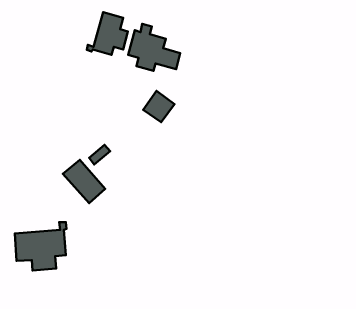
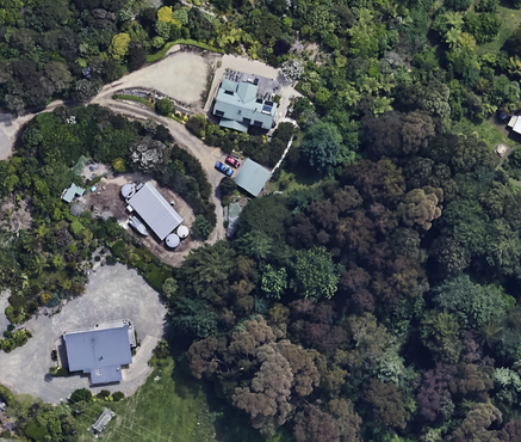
building: [87,12,128,55] -> none
building: [63,160,105,203] -> [126,183,180,238]

